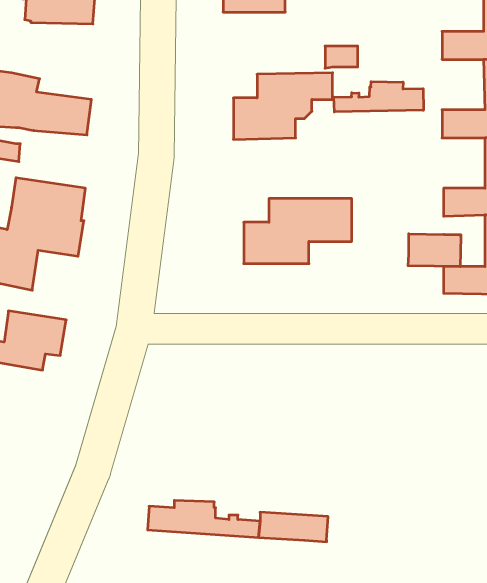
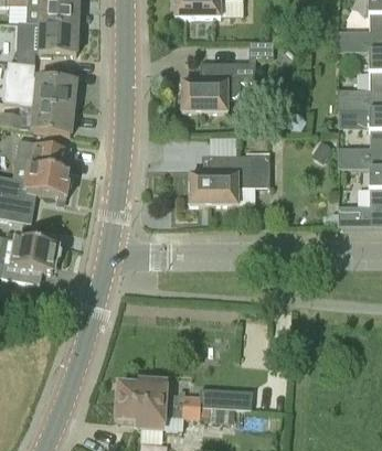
building: none -> [15,22,76,63]
building: [334,82,423,112] -> none
building: none -> [30,104,72,136]
building: [408,234,461,267] -> none
building: none -> [116,401,234,430]

